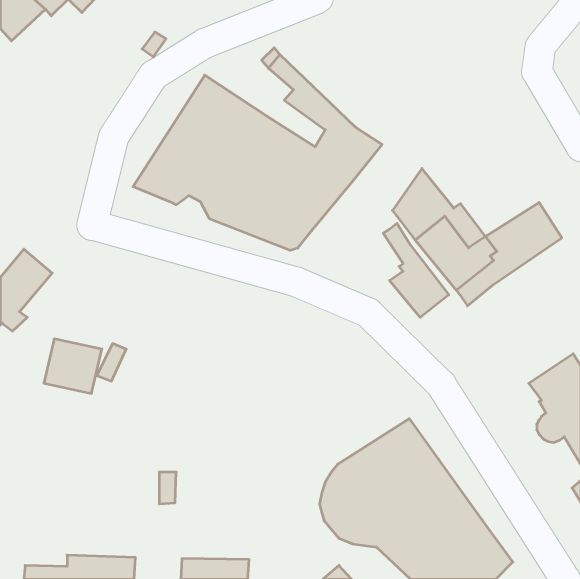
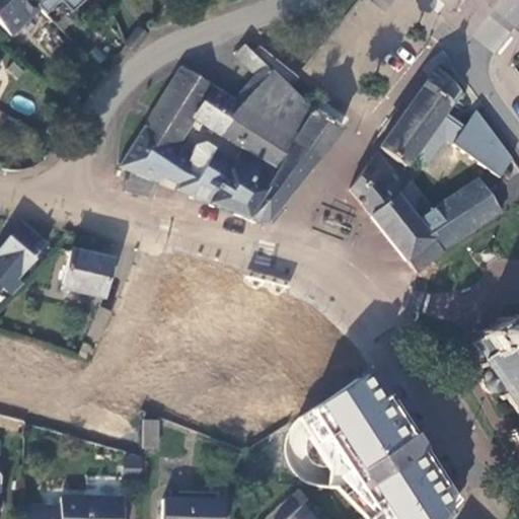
building: none -> [380,67,514,178]
building: none -> [240,89,291,131]
building: [383,223,449,317] -> none
building: [44,339,102,393] -> [62,249,114,298]

